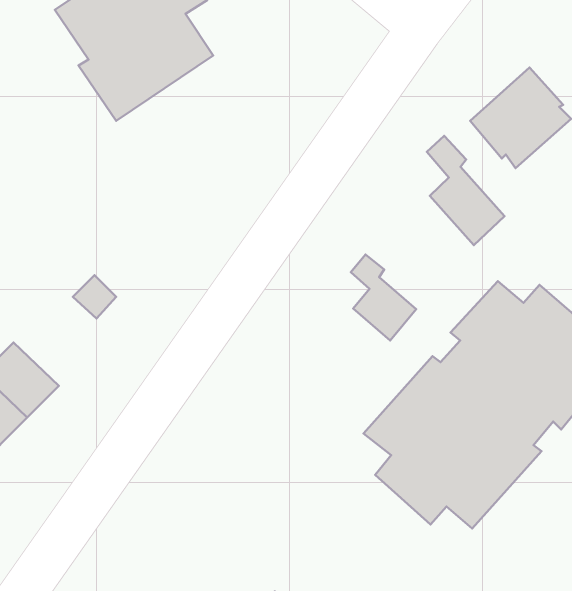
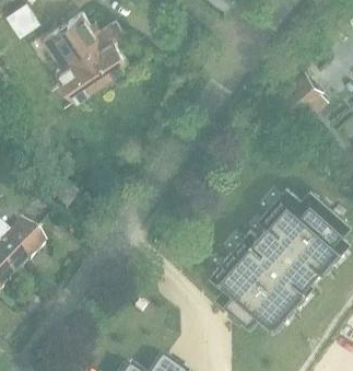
building: [427,136,505,245] -> none
building: [351,254,416,340] -> none

